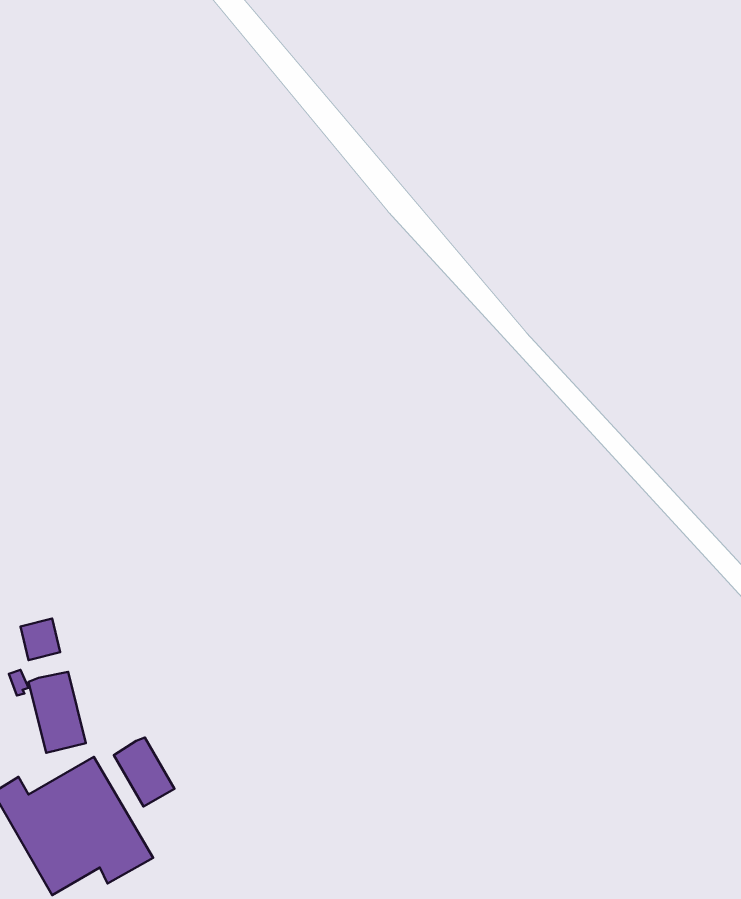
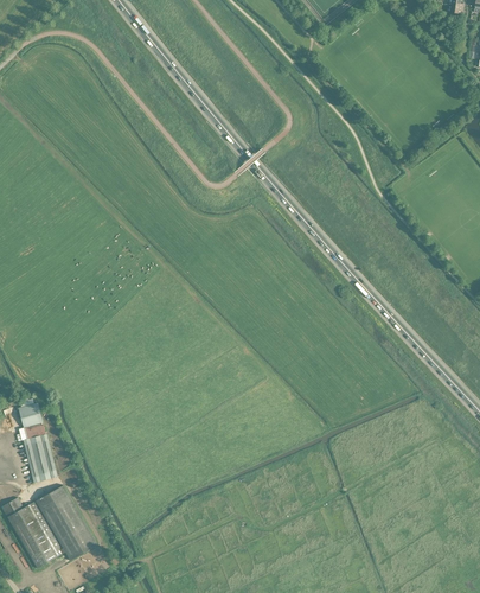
building: [114,737,174,807] -> none

